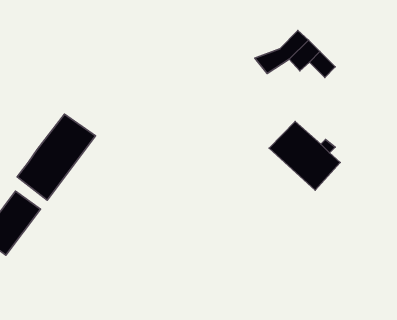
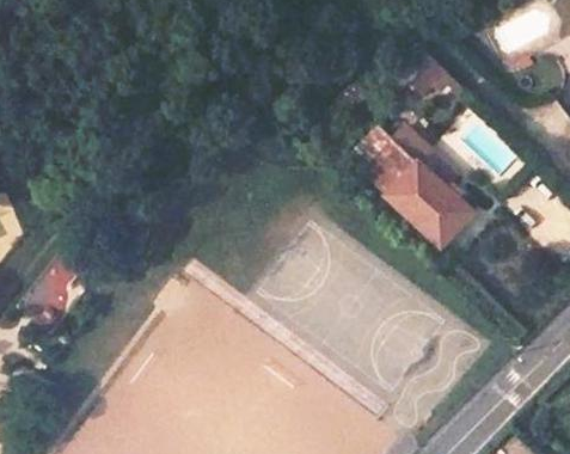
building: none -> [347,125,416,195]
building: [17,114,95,200] -> none

